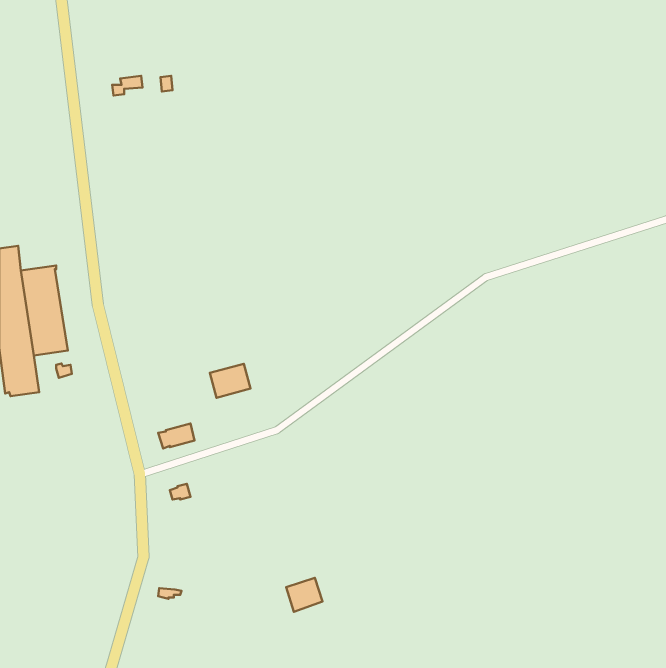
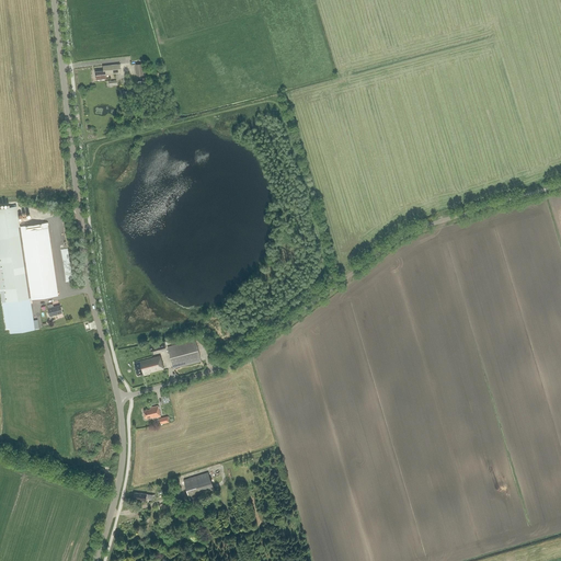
building: [210,364,250,398] -> [167,340,201,368]
building: [286,578,323,612] -> [183,472,214,501]

